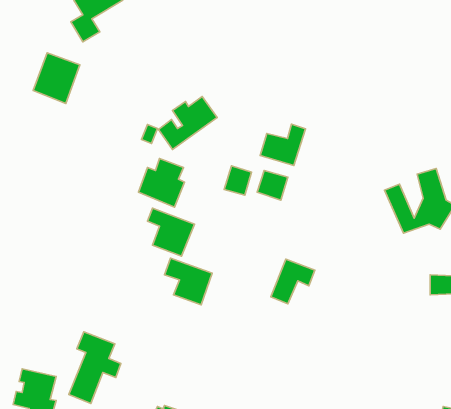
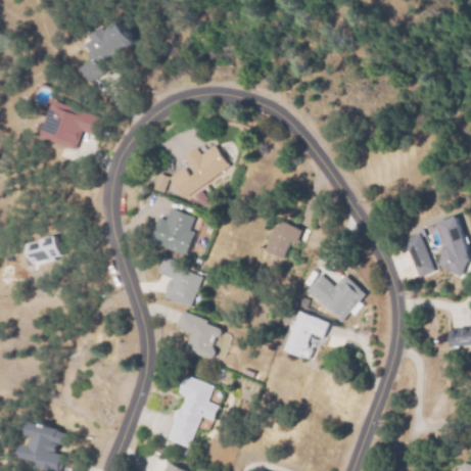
building: [260,124,305,166] -> none
building: [224,166,252,195] -> none
building: none -> [27,236,61,265]
building: none -> [313,272,373,321]
building: [69,332,121,403] -> [168,374,221,448]

